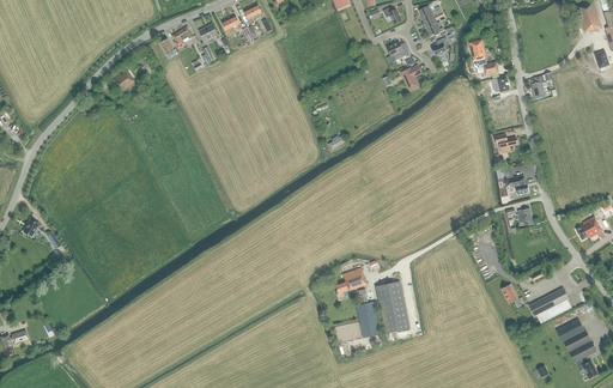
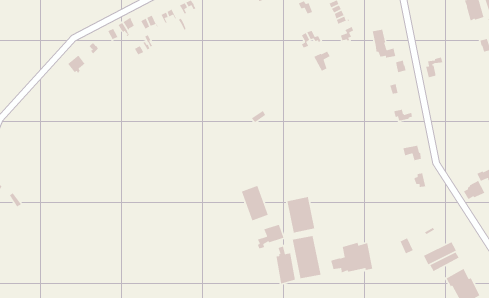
building: none -> [241,185,269,222]
building: none -> [287,196,315,234]
building: none -> [330,242,373,274]

